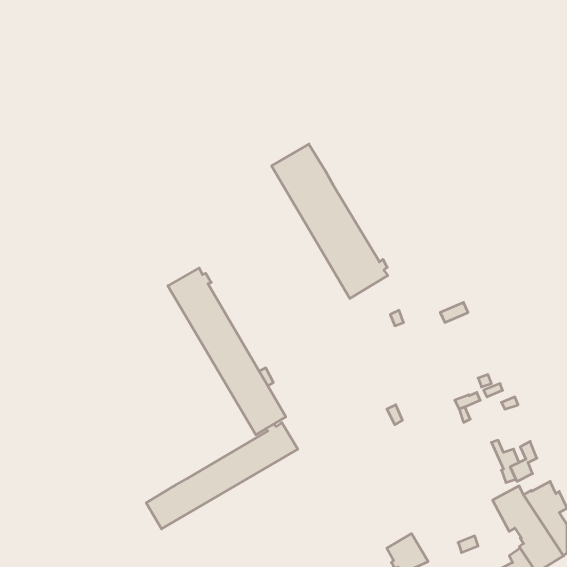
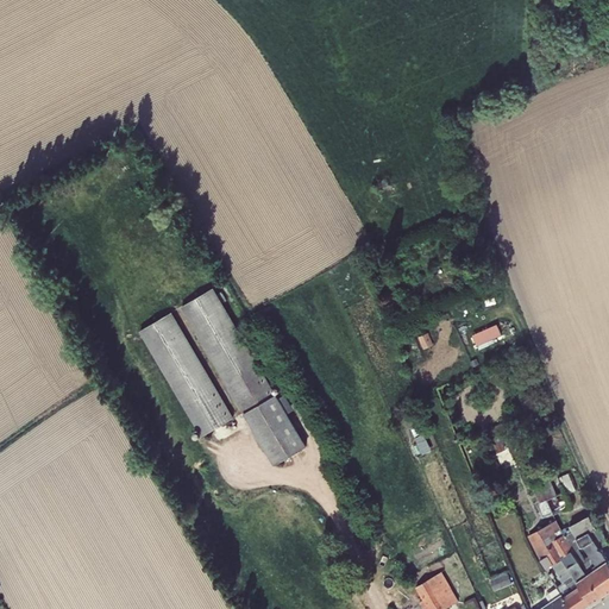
building: [272,144,388,298] -> none
building: none -> [138,313,233,438]
building: [146,423,298,529] -> none

